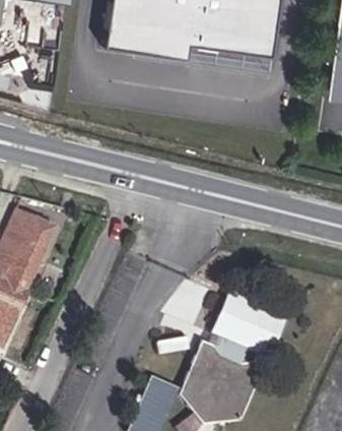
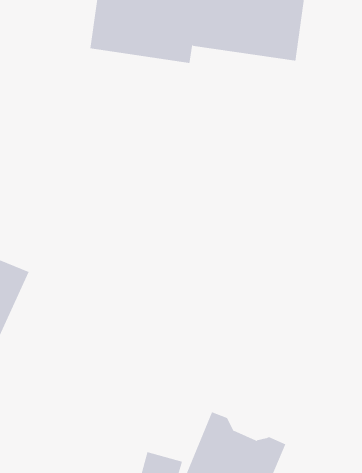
building: [211,292,288,357] -> none

